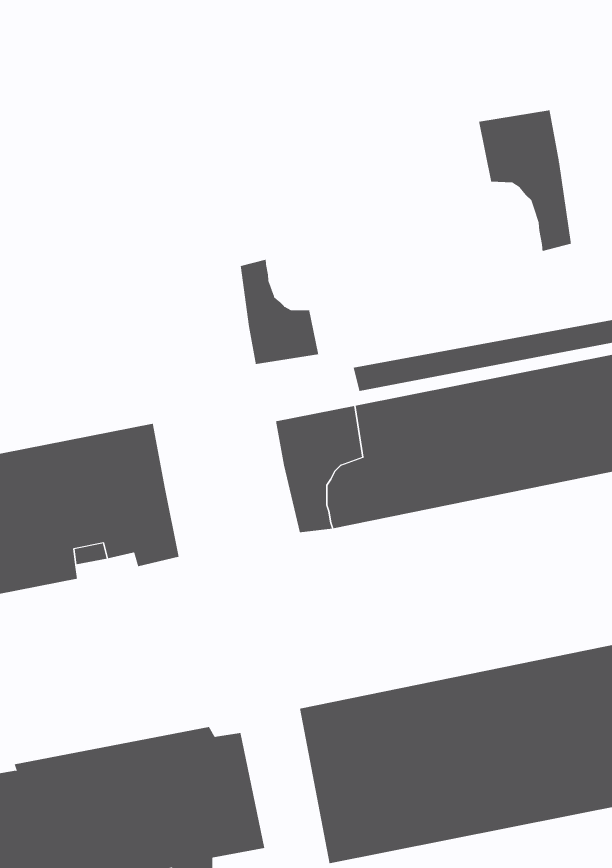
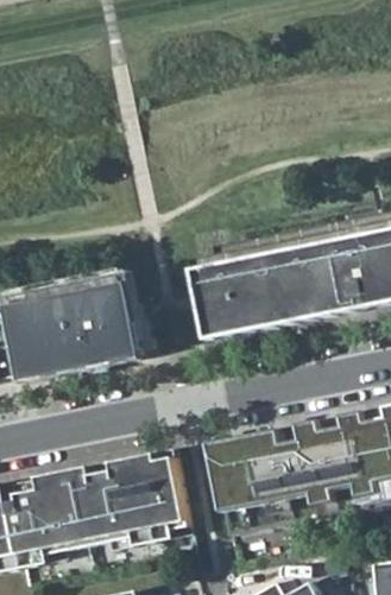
building: [478,110,571,252] -> none
building: [240,259,319,365] -> none

